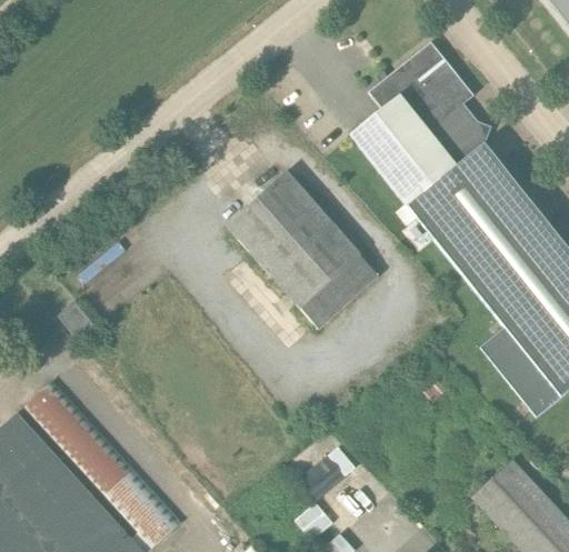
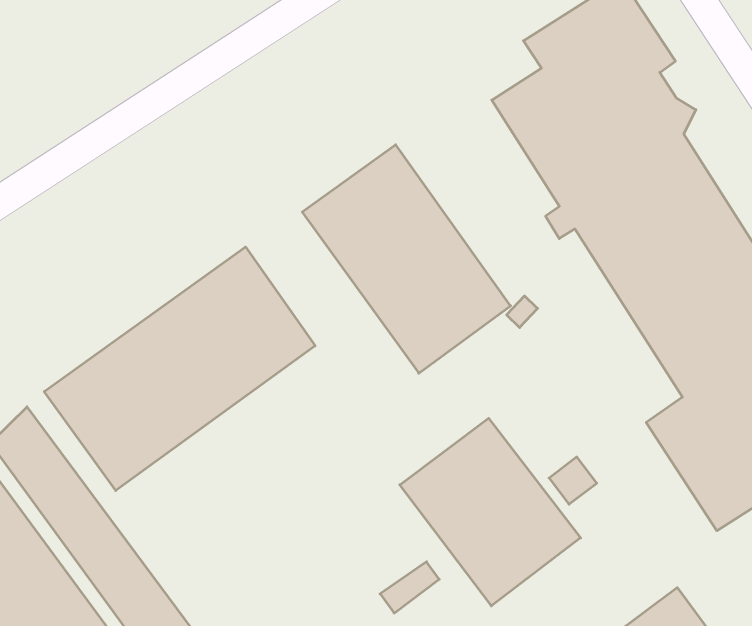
building: none -> [44,247,315,491]
building: none -> [400,418,581,606]

